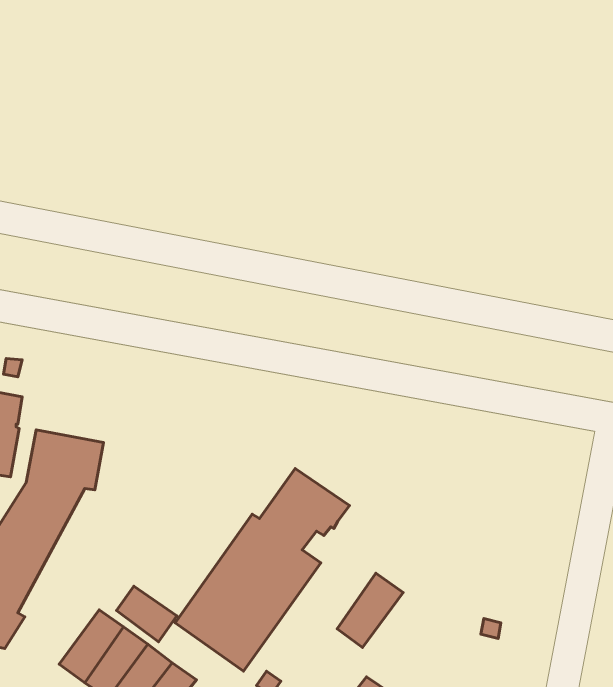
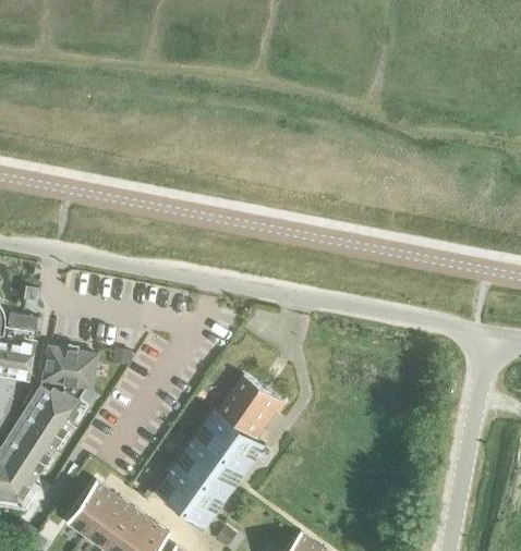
building: [337,573,403,647] -> none
building: [116,586,177,642] -> none

